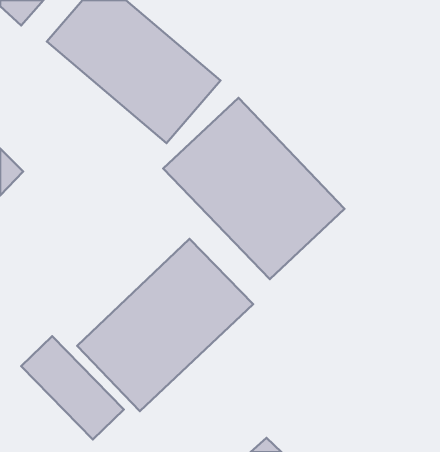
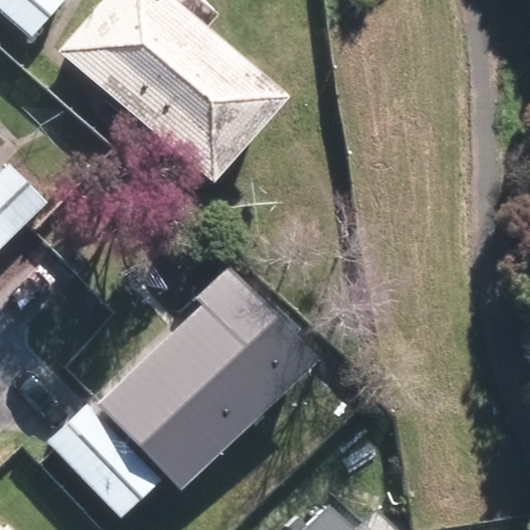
building: [163,98,344,279] -> none

